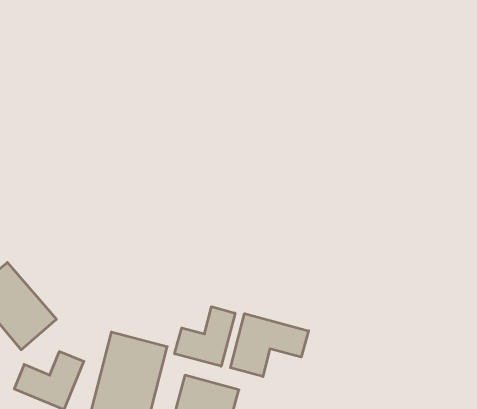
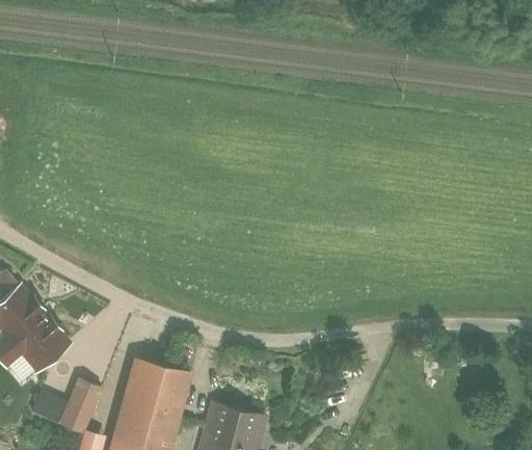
building: [175,307,235,366] -> none
building: [230,314,309,377] -> none

